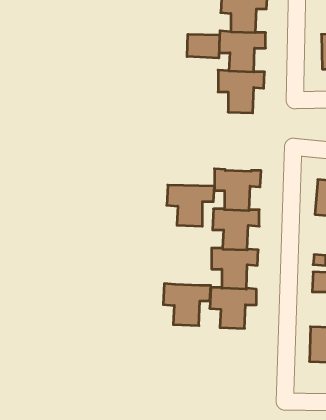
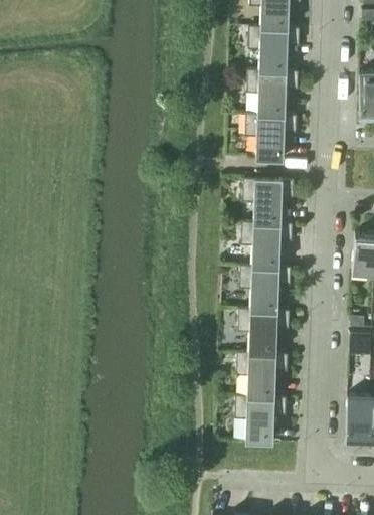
building: [187,34,220,58] -> none
building: [167,185,214,226] -> [242,180,295,225]
building: [163,284,211,326] -> [234,396,287,443]

